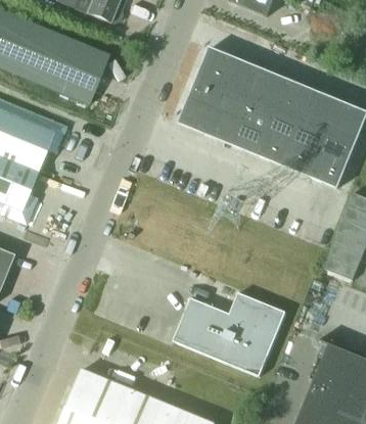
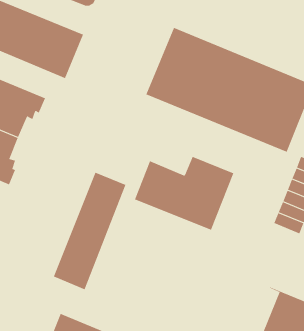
building: none -> [53,172,126,290]
building: [173,291,285,375] -> [134,156,234,231]

